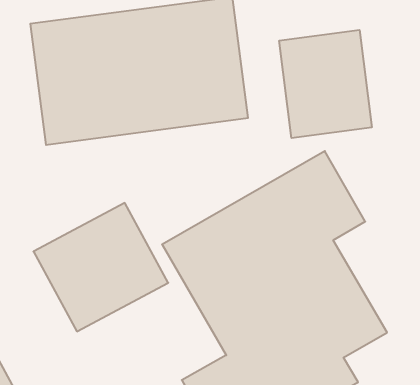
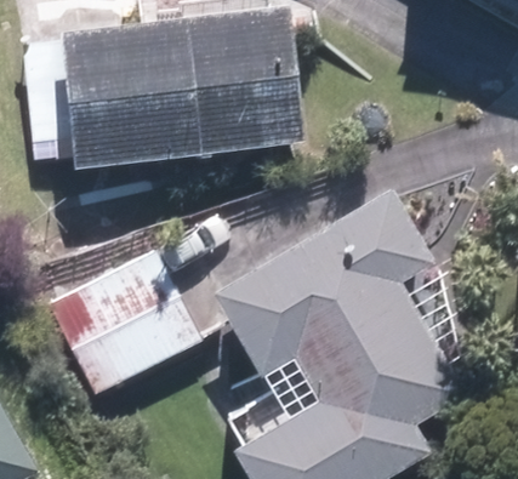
building: [279,30,372,138] -> none

